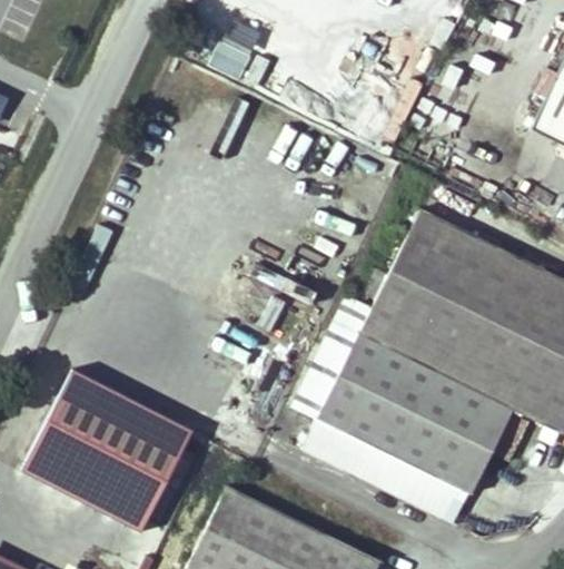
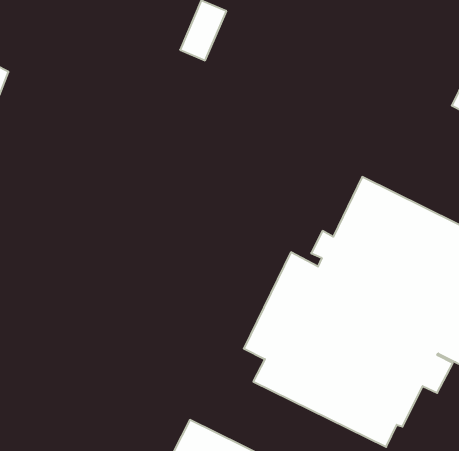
building: [37,374,189,516] -> none

